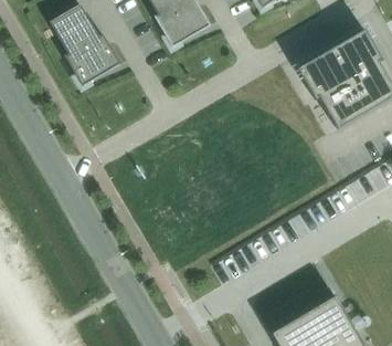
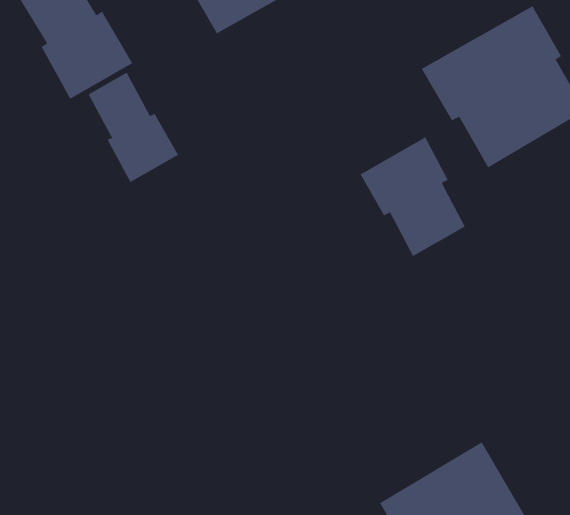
building: none -> [88,72,179,183]
building: none -> [360,137,466,257]

